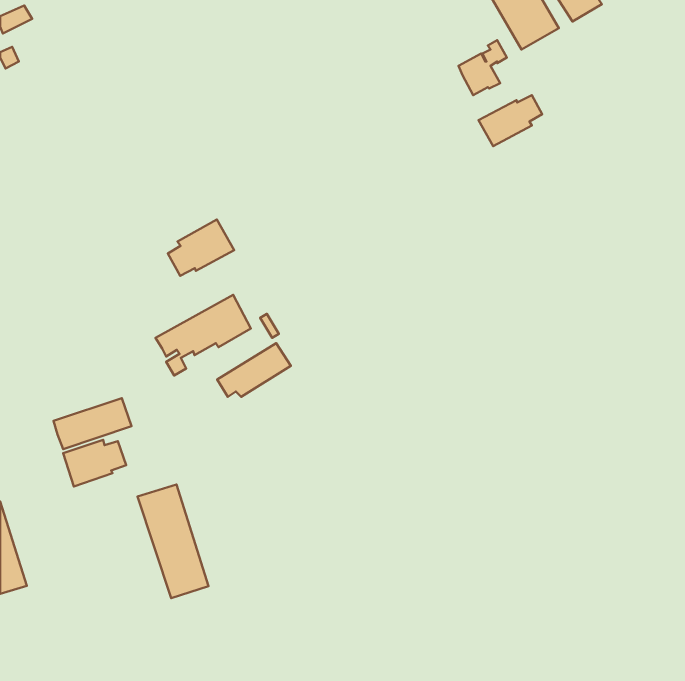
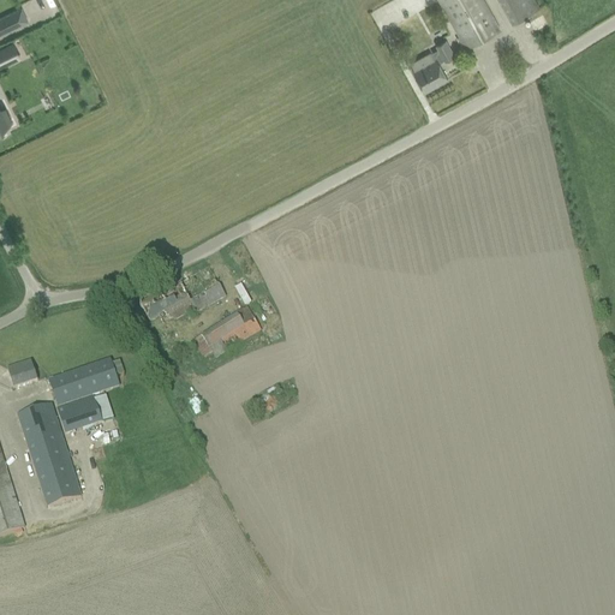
building: [478,95,542,146] -> none
building: [168,220,234,276] -> none
building: none -> [6,359,37,387]
building: [138,484,209,598] -> [17,402,80,504]

